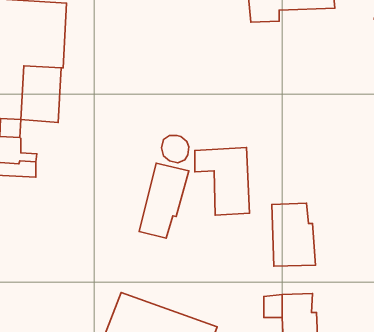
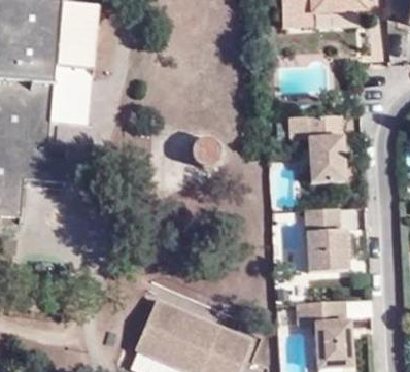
building: [195,148,250,215] -> [293,114,348,183]
building: [139,163,189,238] -> none

